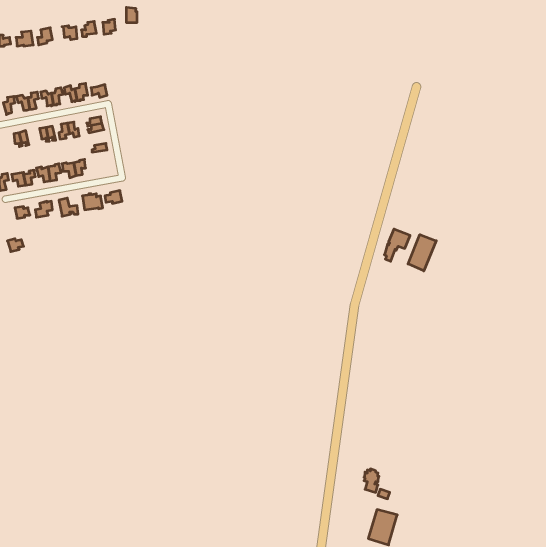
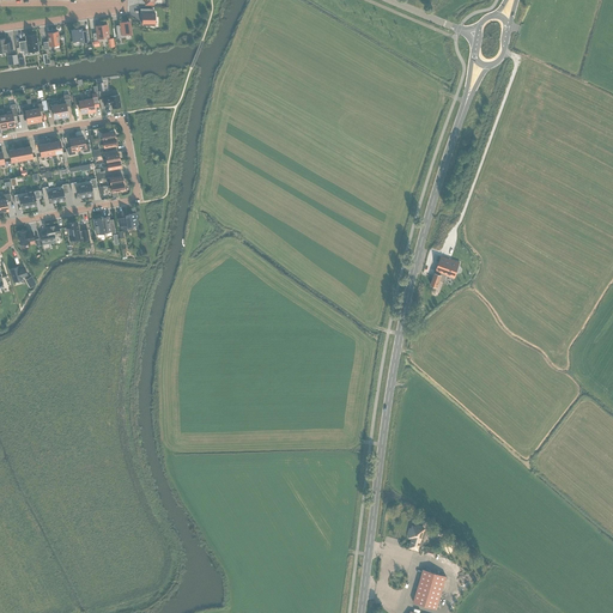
building: [408,235,436,271] -> none

